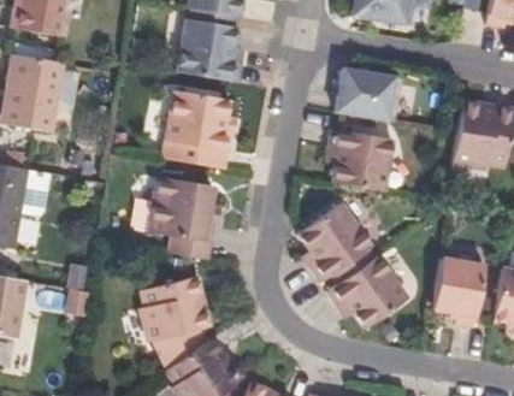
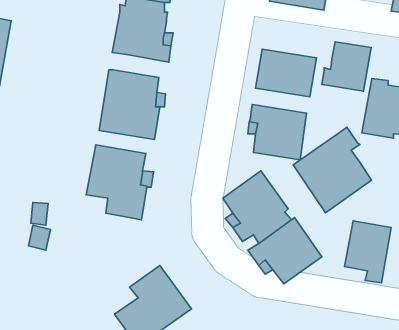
building: none -> [322,42,371,91]
building: none -> [293,127,372,213]
building: [140,282,206,373] -> none

